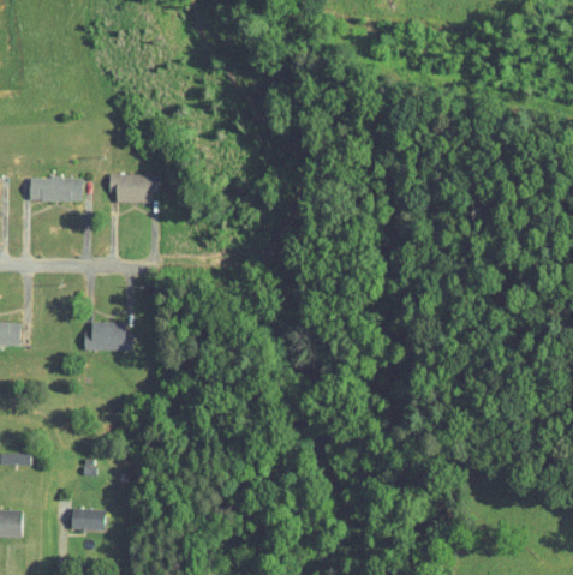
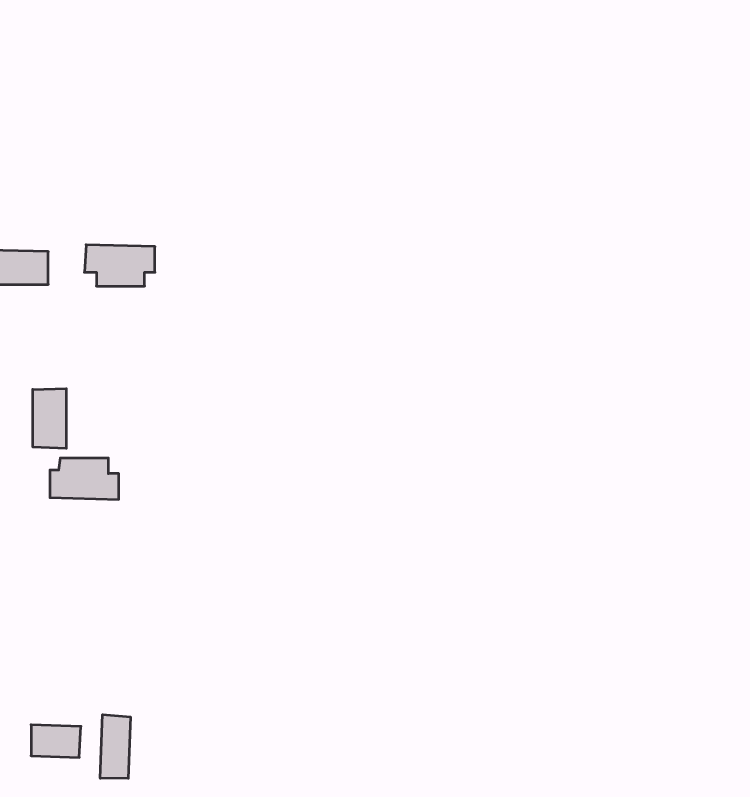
building: none -> [33,389,66,448]
building: none -> [100,715,130,778]

